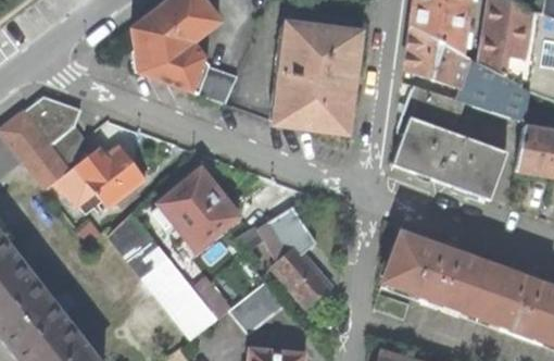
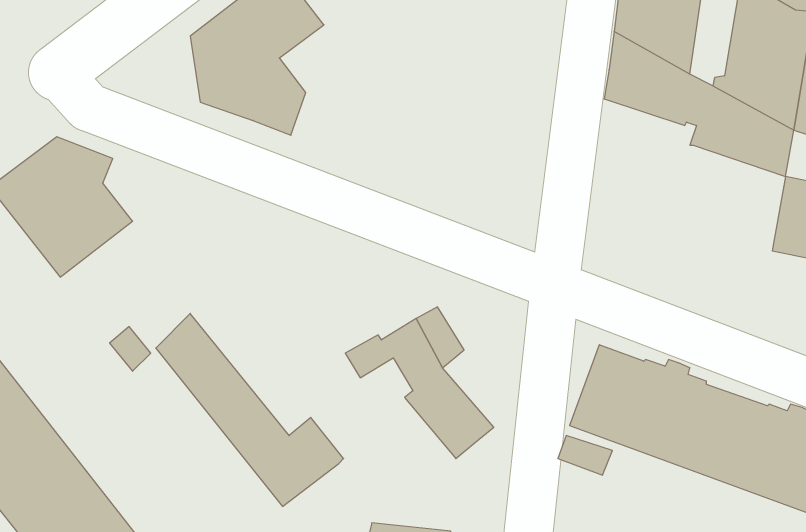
building: [270,23,360,130] -> none
building: [199,65,238,103] -> none
building: [393,85,507,199] -> none
building: [47,145,146,207] -> none
building: [154,170,238,248] -> none
building: [230,281,285,333] -> none

